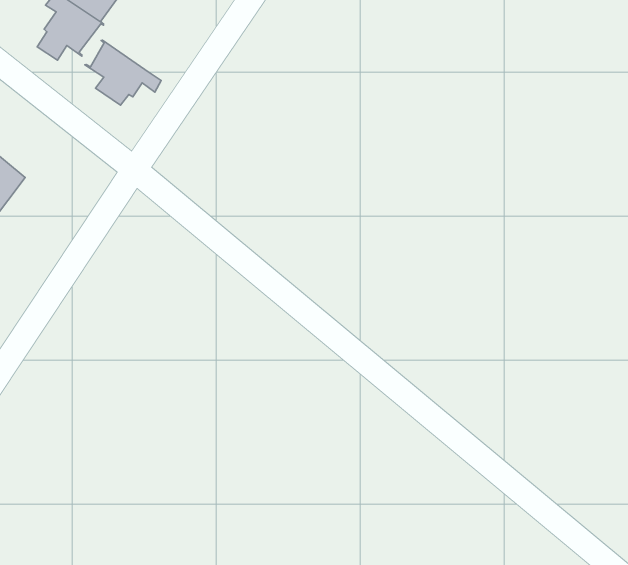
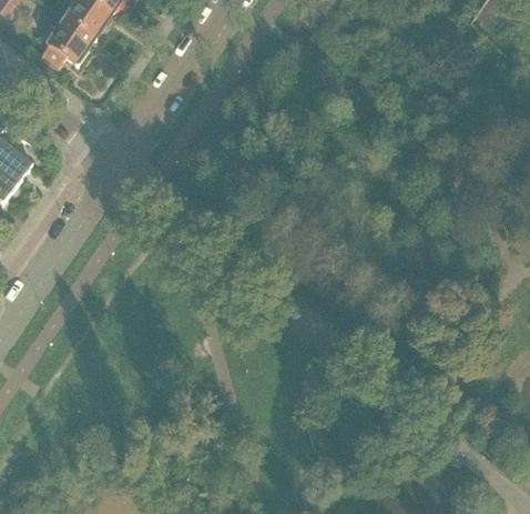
building: [85,40,161,105] -> none

